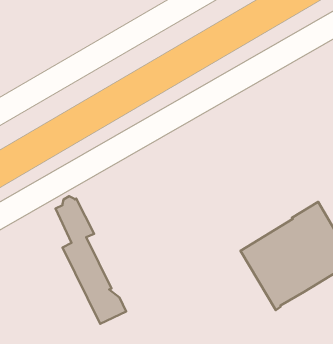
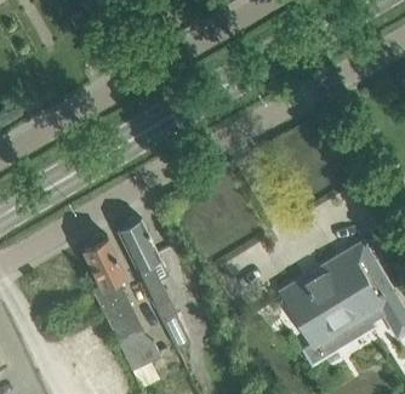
building: none -> [119,218,179,336]

